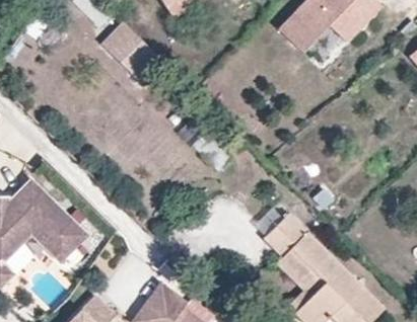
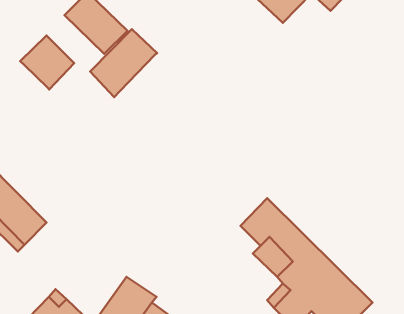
building: none -> [90,29,157,97]
building: none -> [20,36,74,89]

